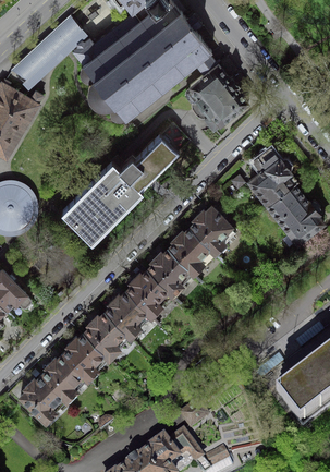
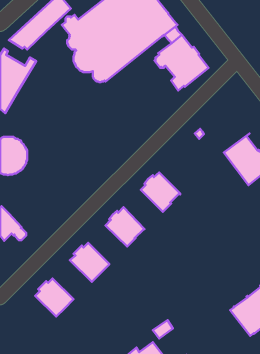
building: [61,134,180,243] -> none
building: [249,146,298,204] -> none
building: [191,206,236,253] -> none
building: [148,249,195,295] -> none
building: [106,291,152,337] -> none
building: [63,332,110,379] -> none
building: [21,375,68,422] -> none

